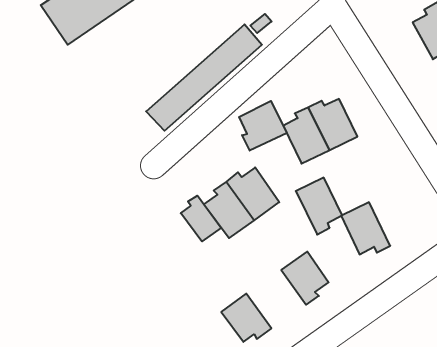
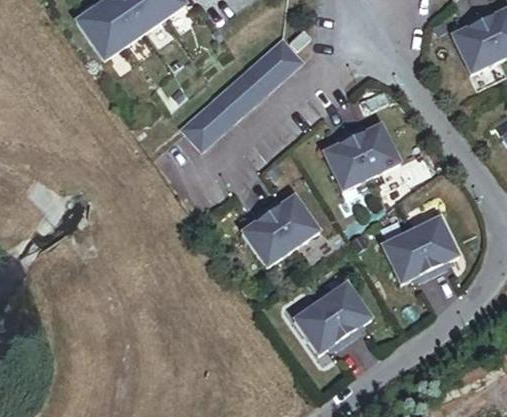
building: [239,101,287,151] -> none
building: [296,178,342,235] -> [412,214,460,273]
building: [181,196,221,241] -> none
building: [221,294,271,342] -> [295,298,347,348]

